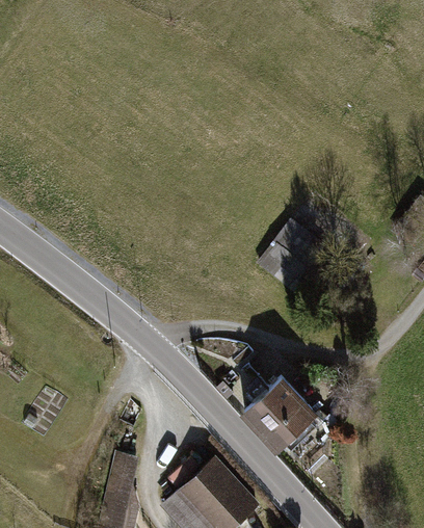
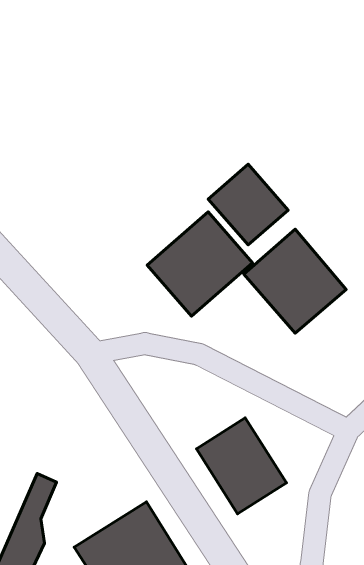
building: none -> [208,164,288,245]
building: none -> [147,212,252,316]

